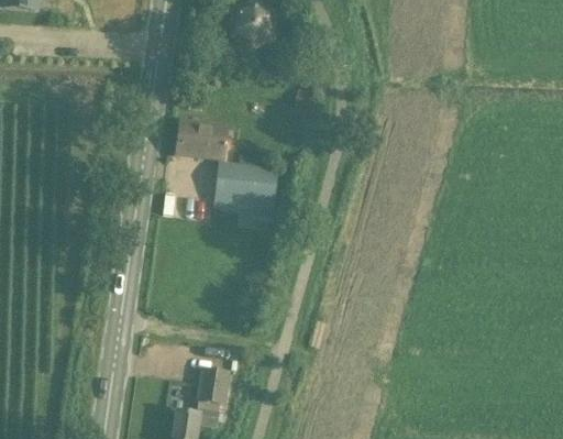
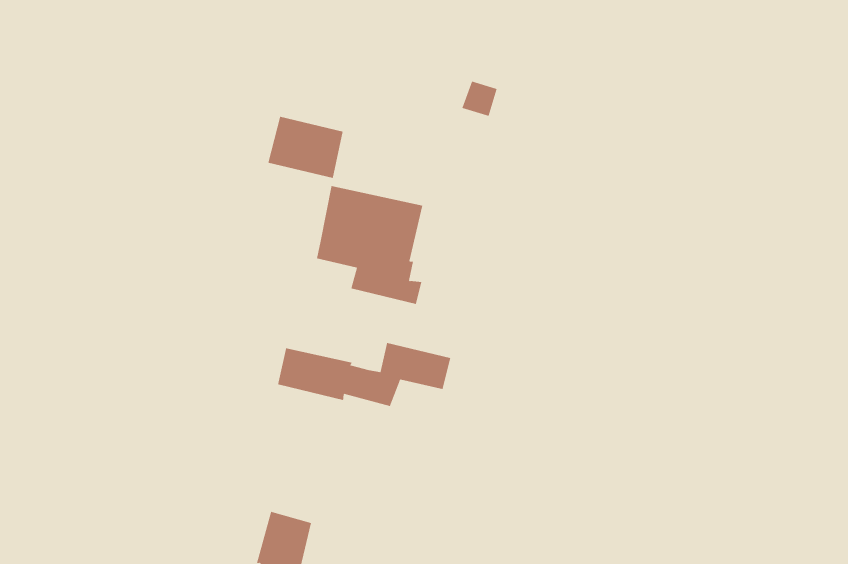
building: none -> [277,342,451,407]

